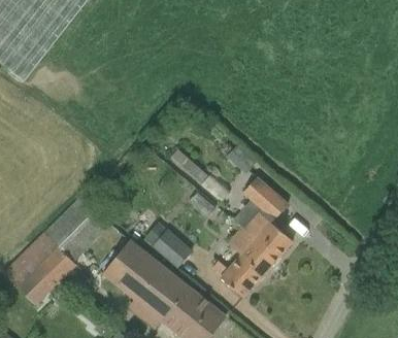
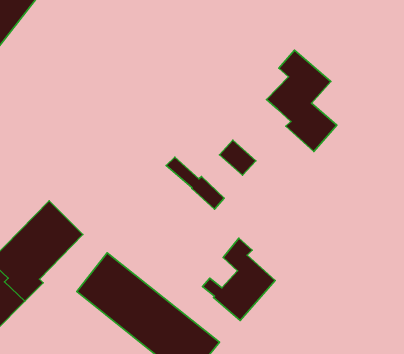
building: [232,175,292,262] -> [267,50,337,152]
building: [143,222,191,267] -> none

